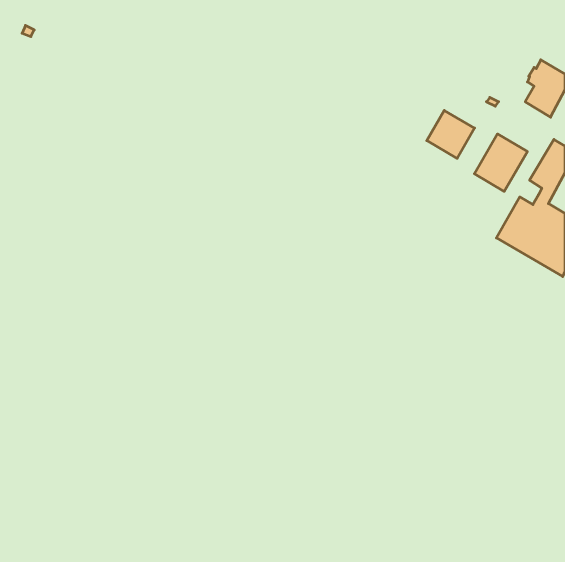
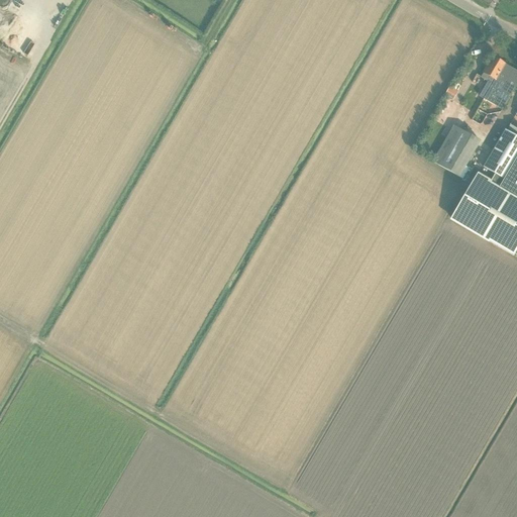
building: [427,110,475,158] -> none

